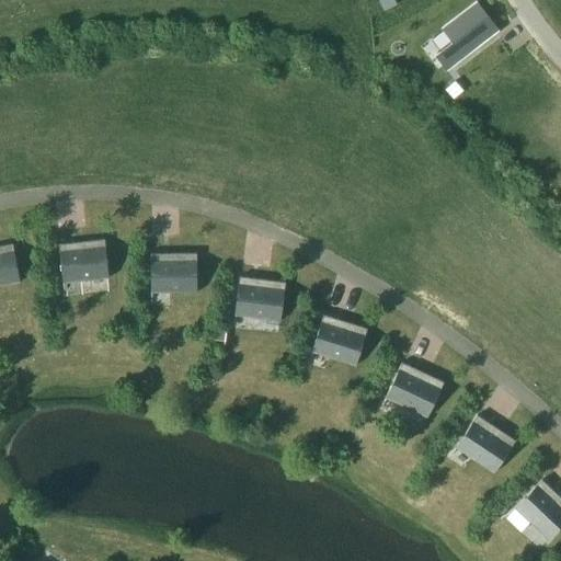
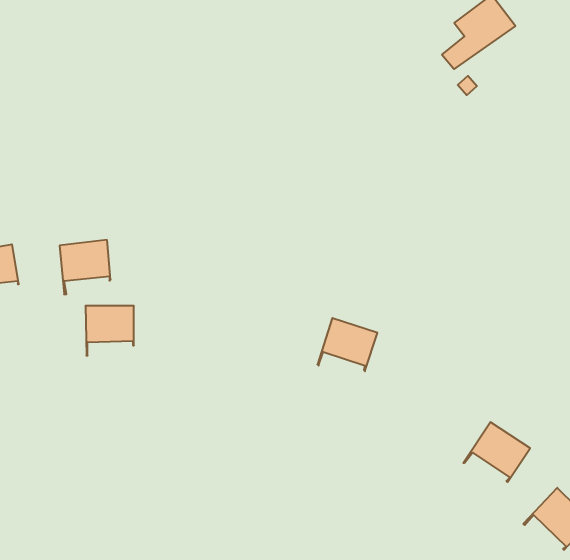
building: [150,254,197,302] -> [85,306,134,356]
building: [233,277,285,324] -> none
building: [381,364,444,419] -> none

